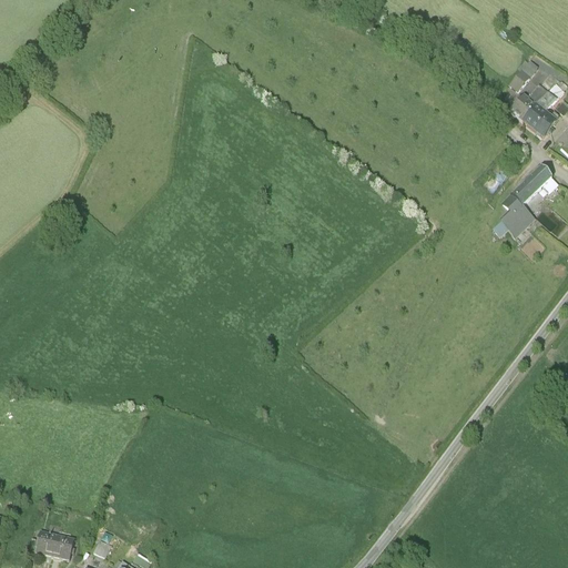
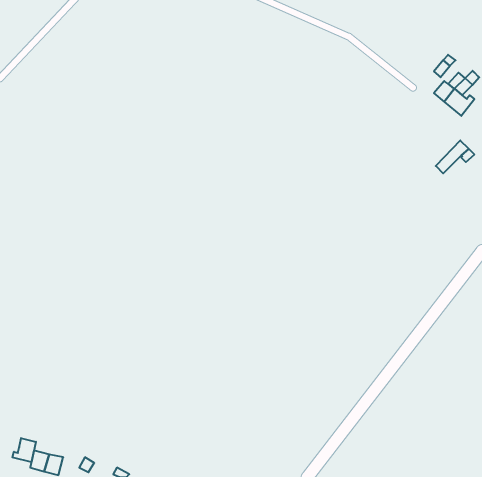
building: [503,195,528,233] -> none
building: none -> [12,438,36,462]

